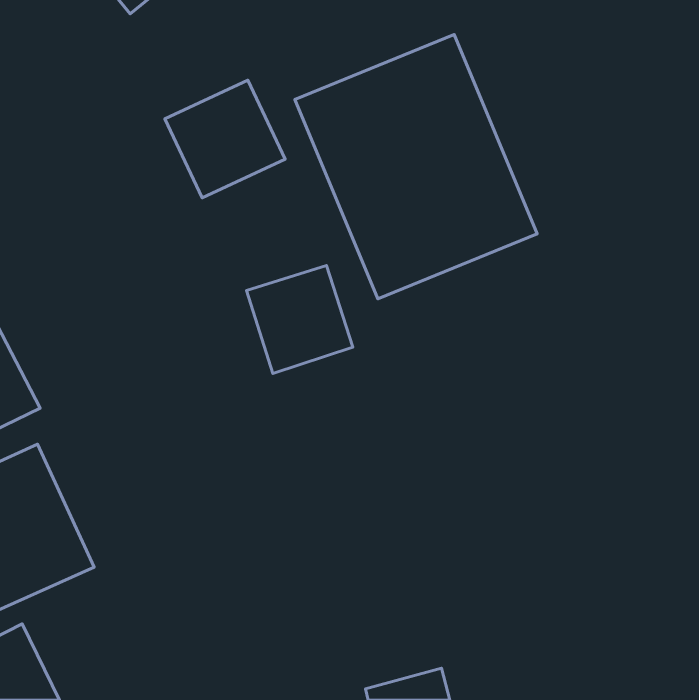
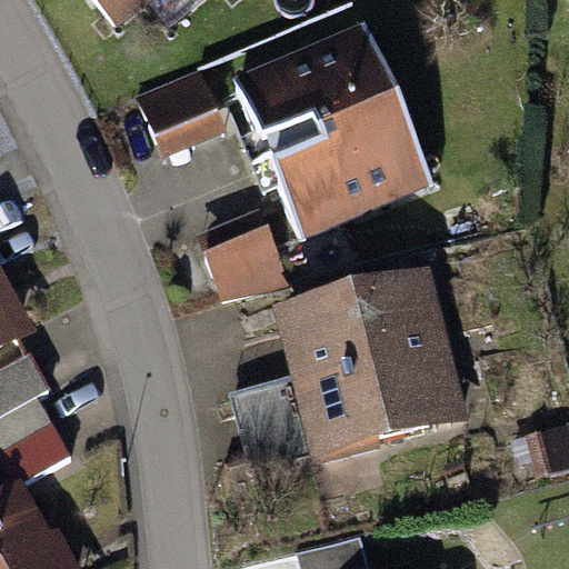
building: none -> [287,277,472,446]
building: none -> [234,383,313,471]

